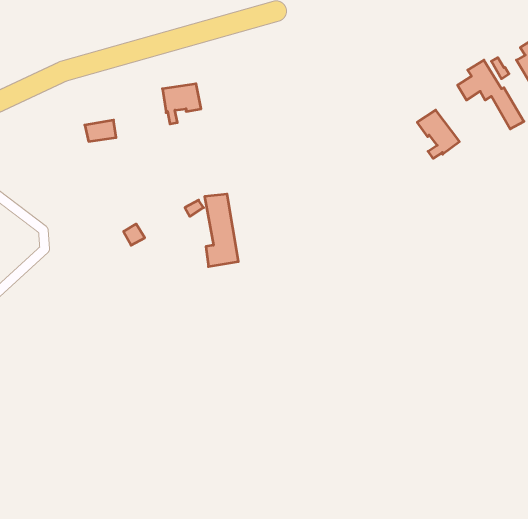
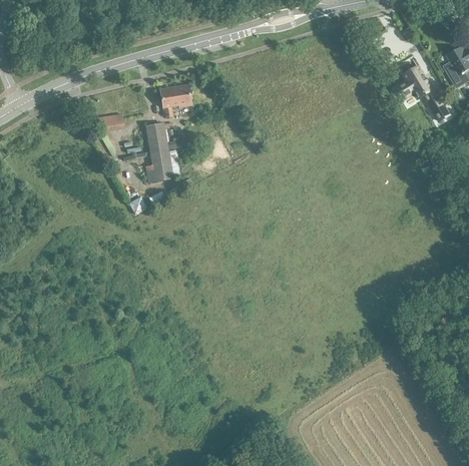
building: [417,110,459,158] -> none
building: [205,194,238,267] -> [145,123,172,181]

